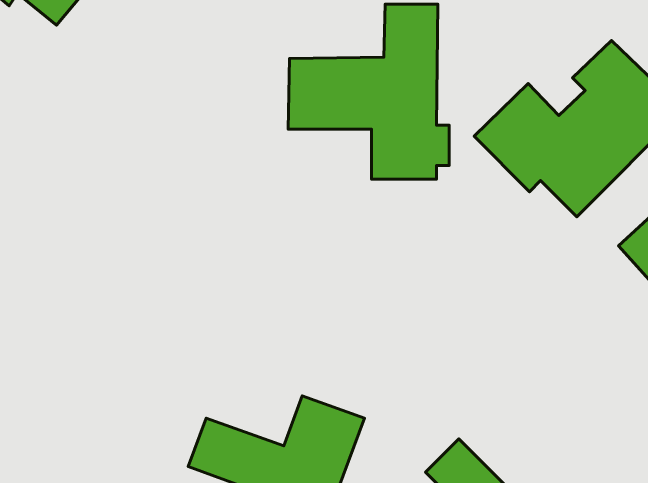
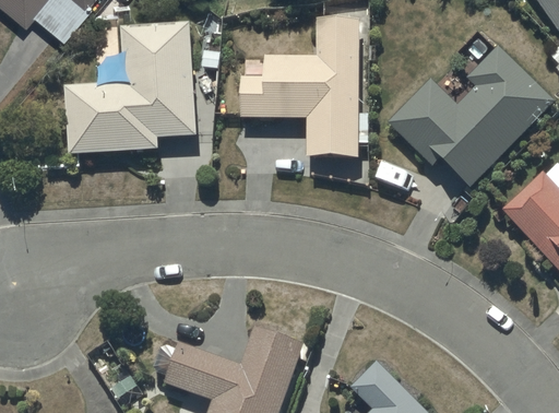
building: none -> [67,23,197,154]

